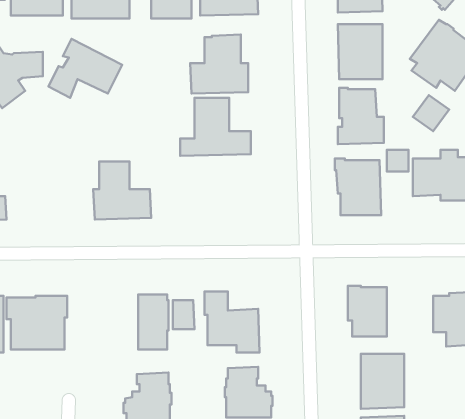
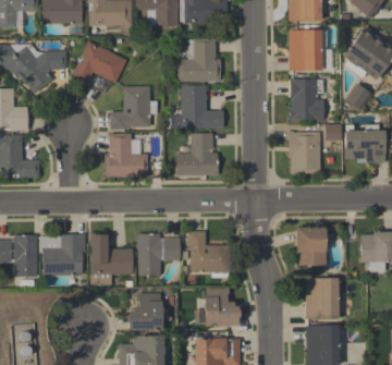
building: none -> [110,85,158,130]
building: none -> [176,133,218,175]
building: none -> [90,234,133,284]

